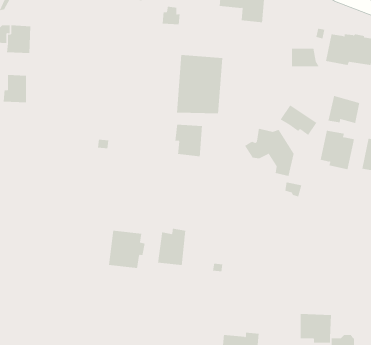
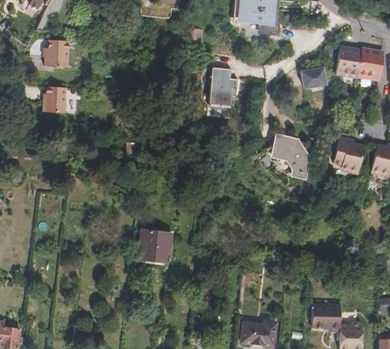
building: [328,95,360,124] -> none
building: [280,104,317,136] -> none
building: [175,124,203,157] -> none
building: [158,228,186,266] -> none

